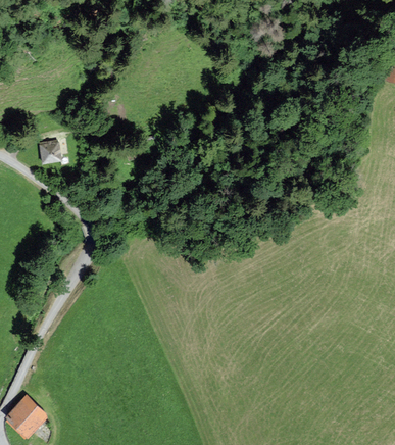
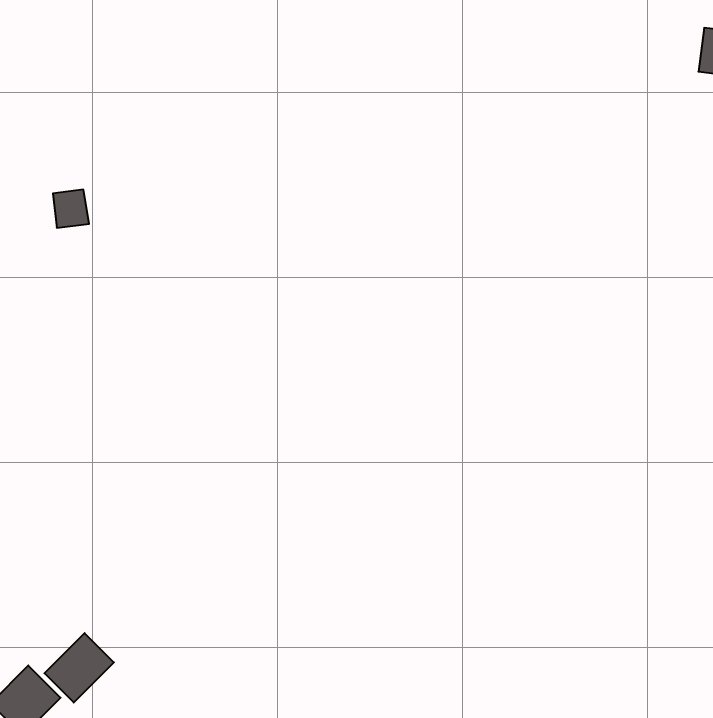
building: none -> [44,633,114,703]

